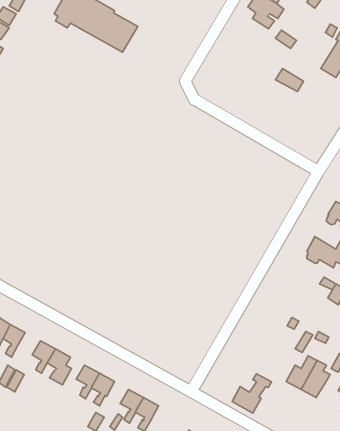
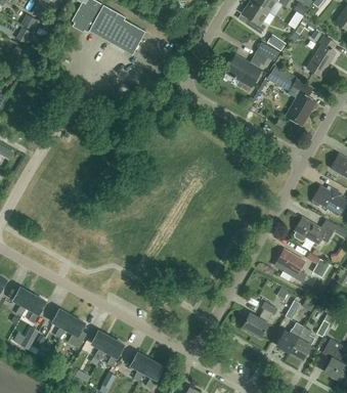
building: none -> [225,51,268,87]
building: none -> [286,79,316,126]
building: none -> [274,249,306,281]
building: [232,374,271,413] -> [243,302,277,337]

